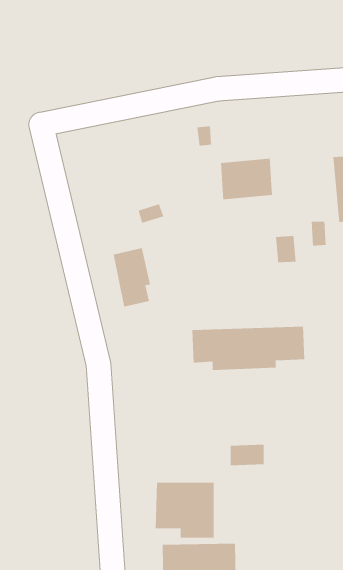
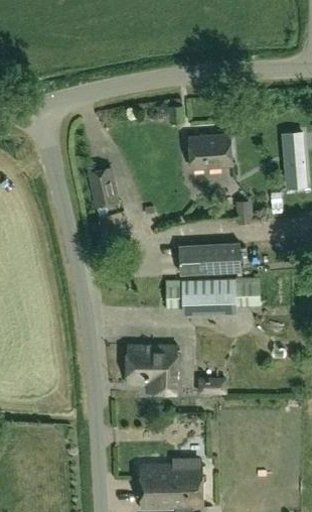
building: none -> [89,169,118,210]
building: none -> [178,244,241,274]
building: [155,482,215,538] -> [125,346,175,393]

